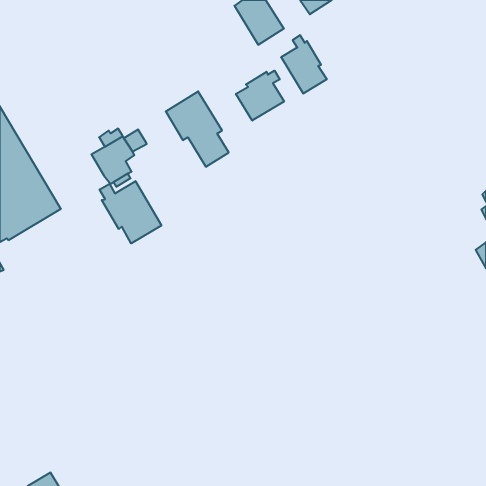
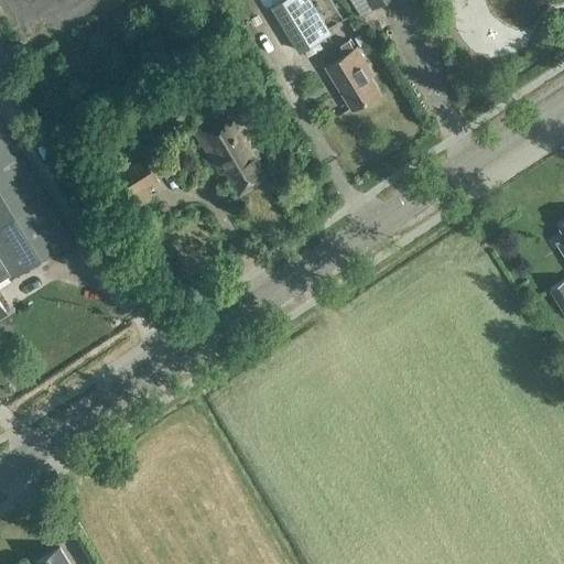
building: [236,71,284,121] -> none
building: [100,181,161,243] -> none

